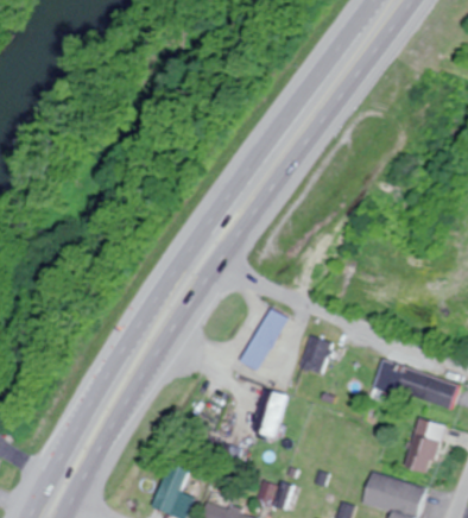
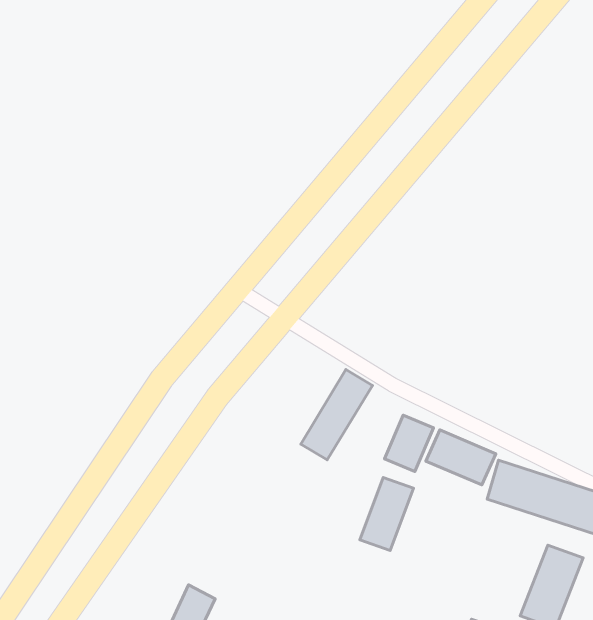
building: none -> [426,430,496,485]
building: [252,389,286,438] -> [360,477,414,551]

